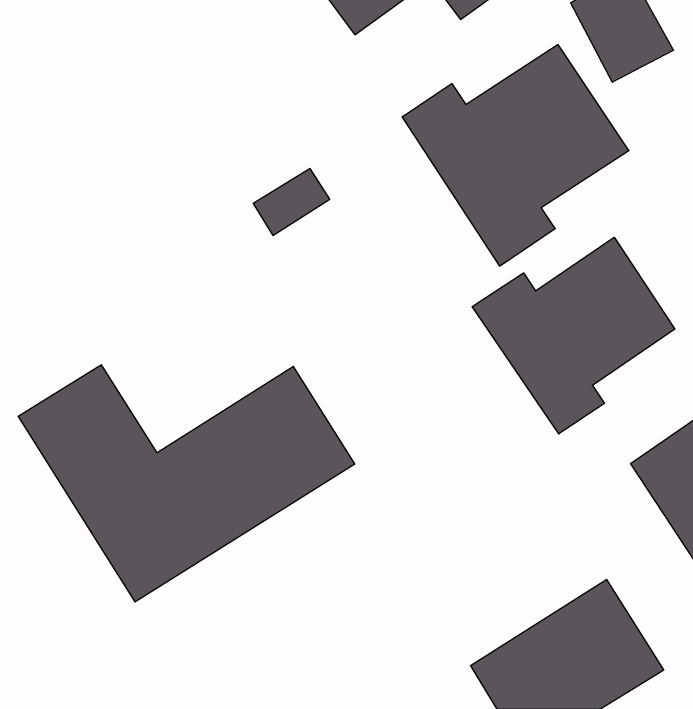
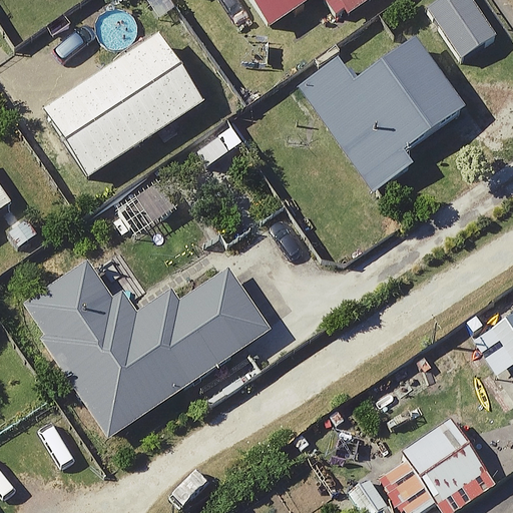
building: none -> [45,32,204,175]
building: [472,237,675,434] -> none

